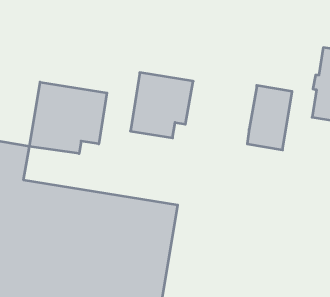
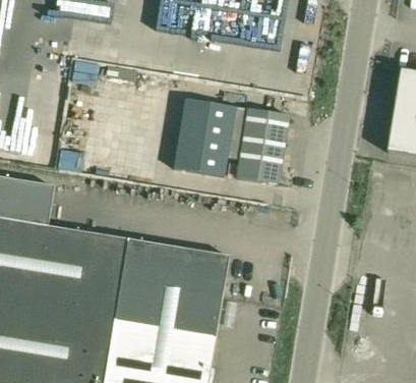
building: [30,82,107,154] -> none
building: [247,85,292,150] -> [237,106,290,182]

